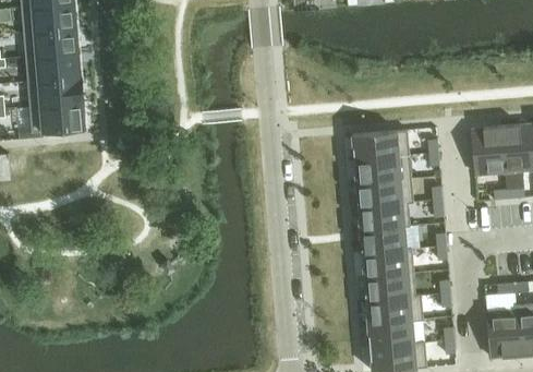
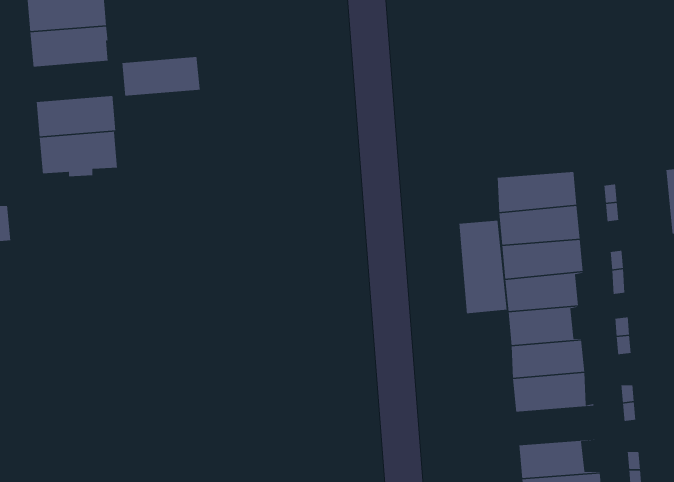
building: [25,53,82,82] -> [122,56,202,96]
building: none -> [458,220,508,314]
building: [365,297,423,324] -> none

